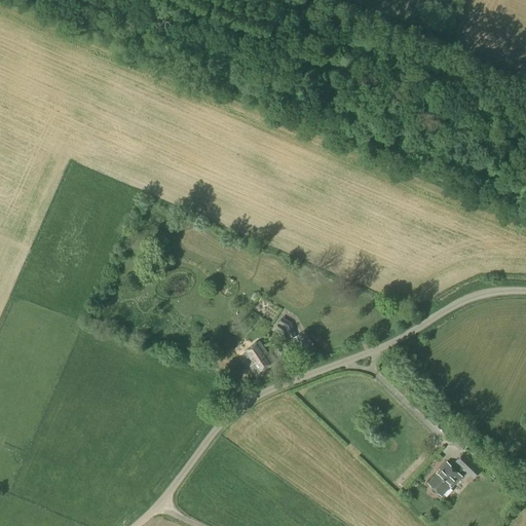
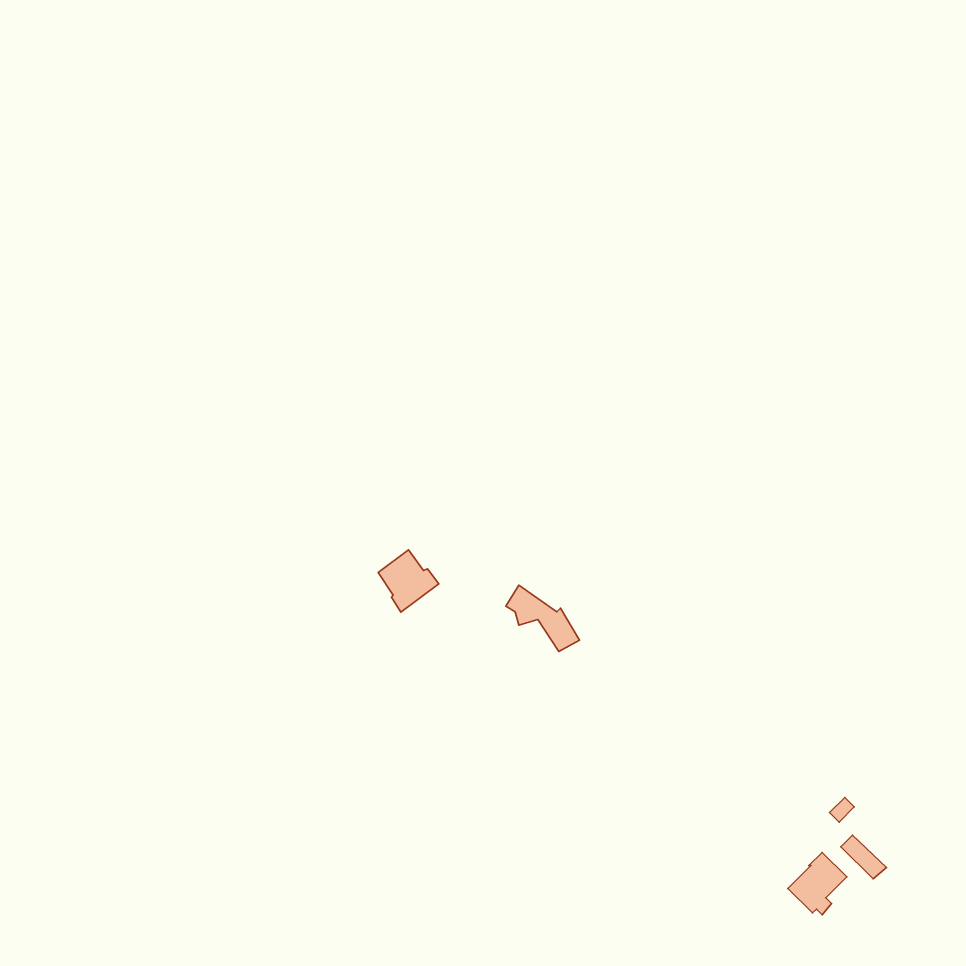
building: [241,341,274,375] -> [378,550,439,612]

